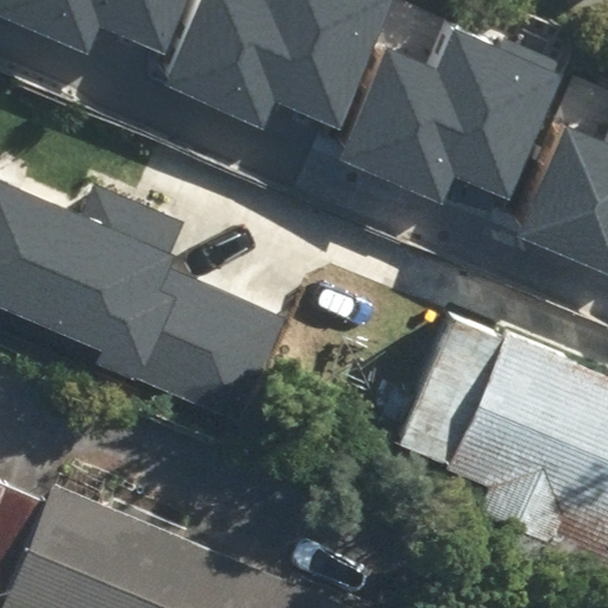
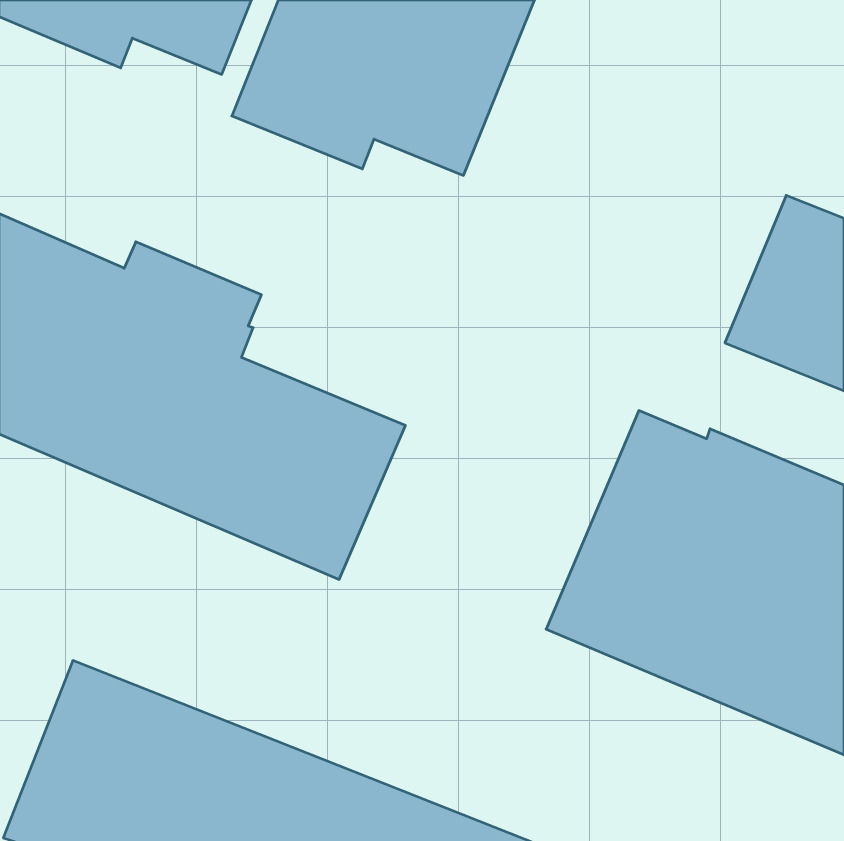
building: [338,36,559,211] -> none

